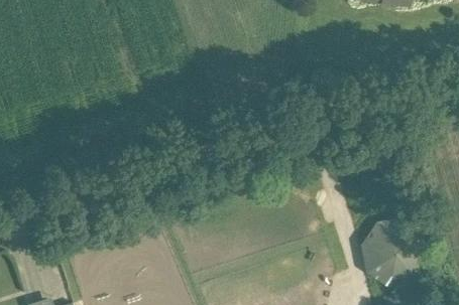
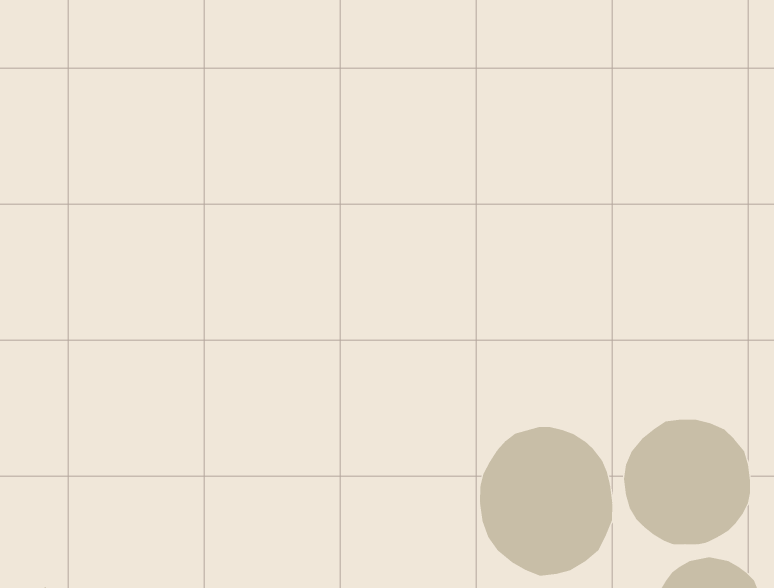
building: none -> [480,426,613,577]

